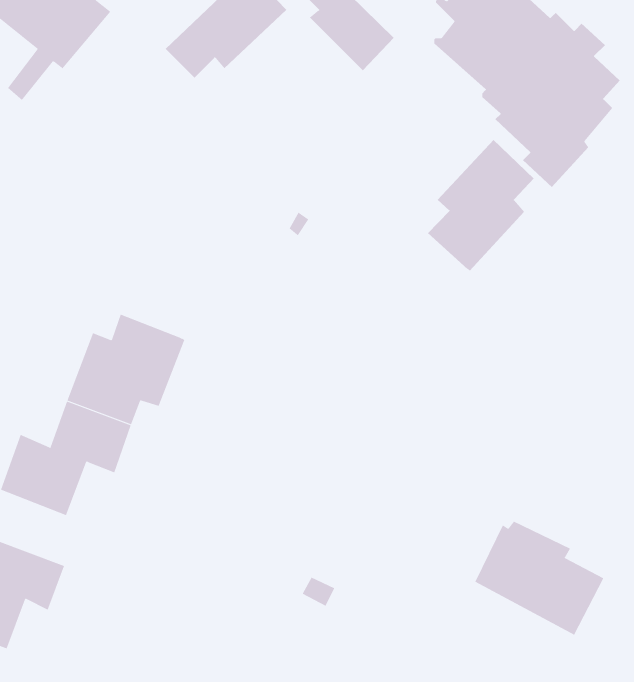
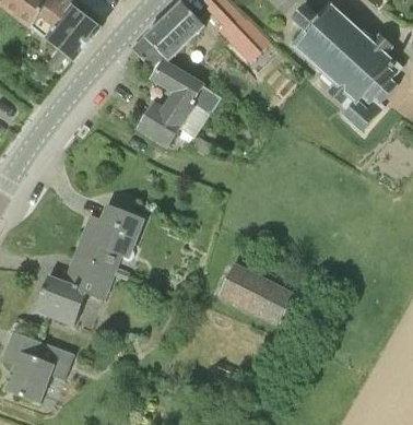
building: none -> [138,60,221,145]
building: [427,139,534,272] -> none
building: [475,521,604,636] -> [219,260,295,328]

